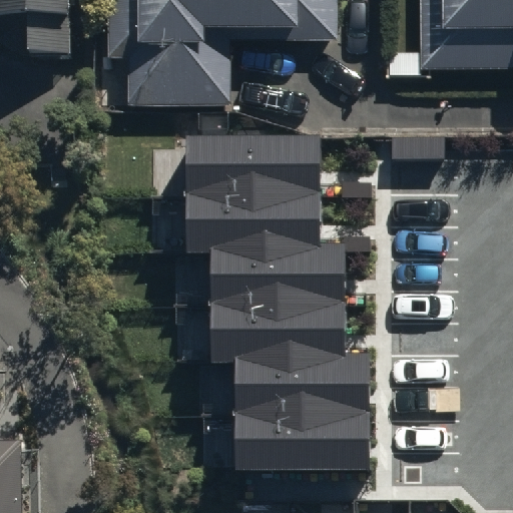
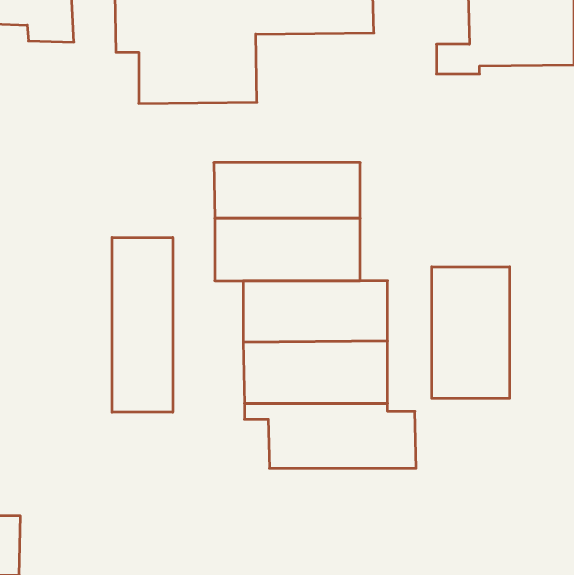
building: none -> [112,237,173,412]
building: none -> [432,267,510,398]
building: [237,413,367,475] -> none

